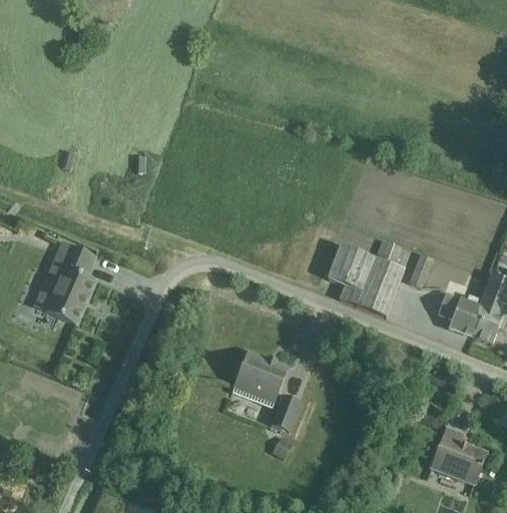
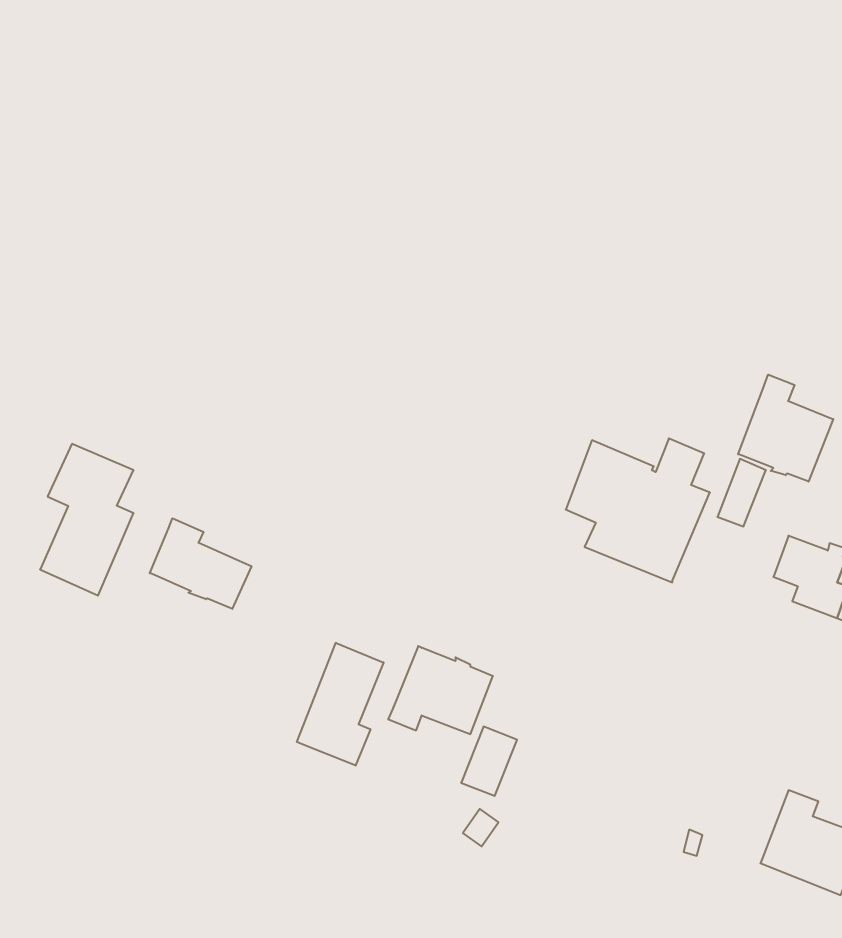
building: none -> [738,375,833,482]
building: none -> [150,518,251,609]
building: none -> [297,643,384,766]

